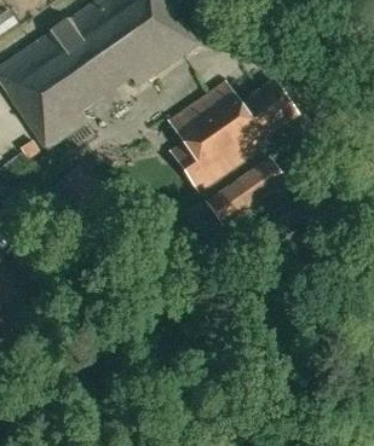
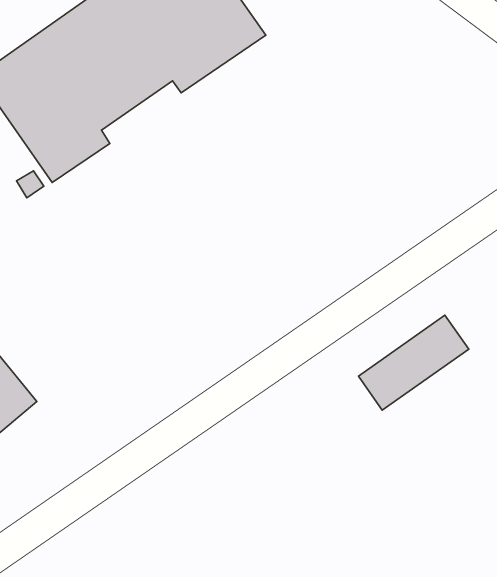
building: [169,81,294,191] -> none
building: [206,158,284,226] -> [358,315,469,410]

